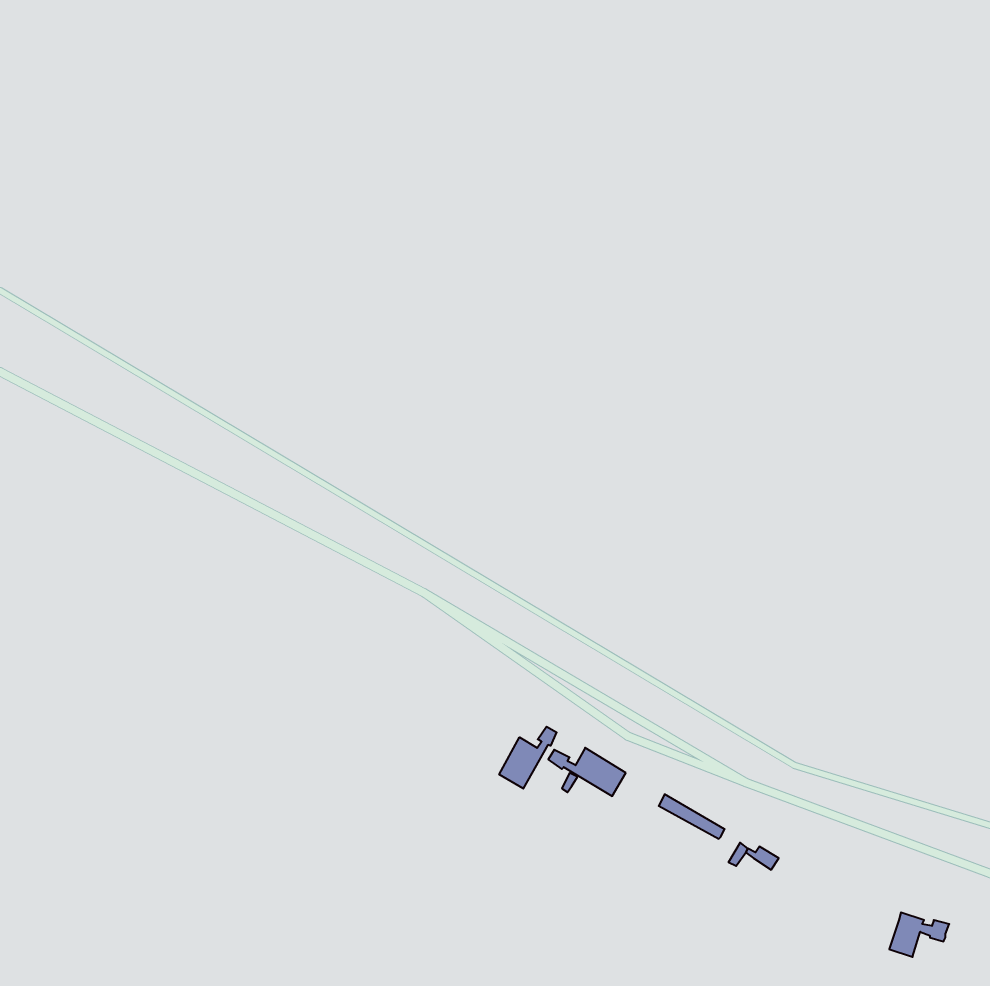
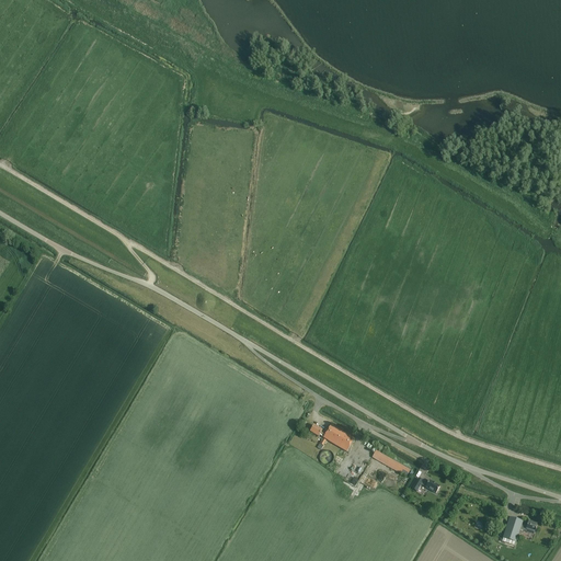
building: [499,727,557,789] -> none

